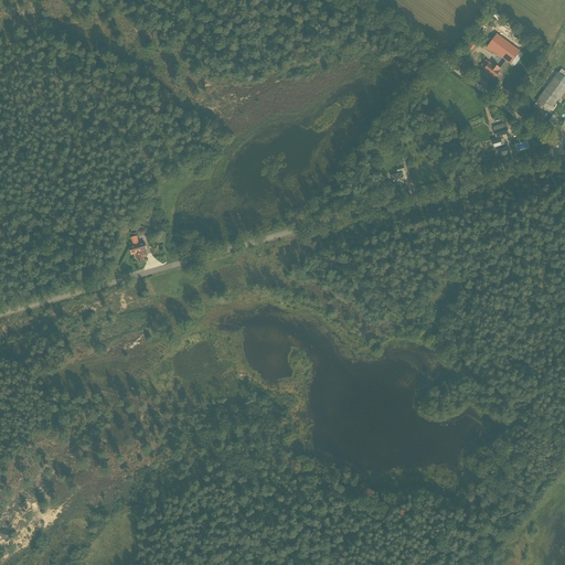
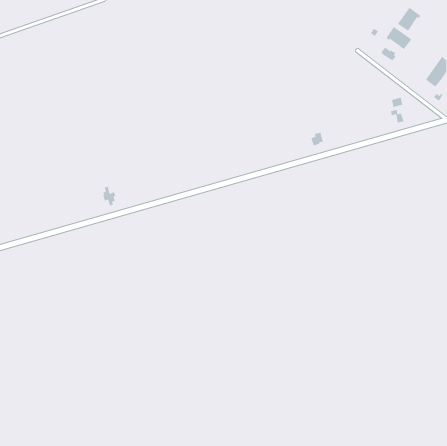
building: none -> [397,7,421,32]

